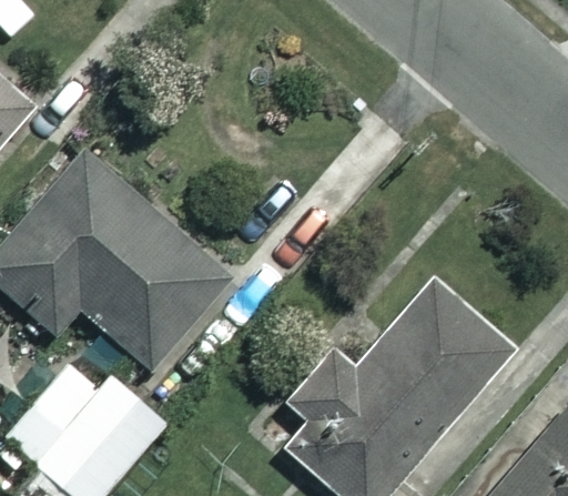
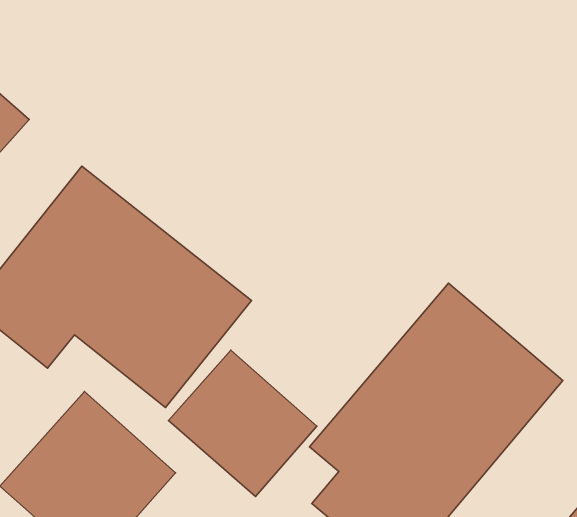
building: none -> [169,350,317,497]

